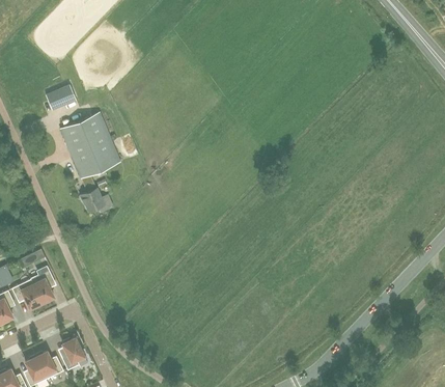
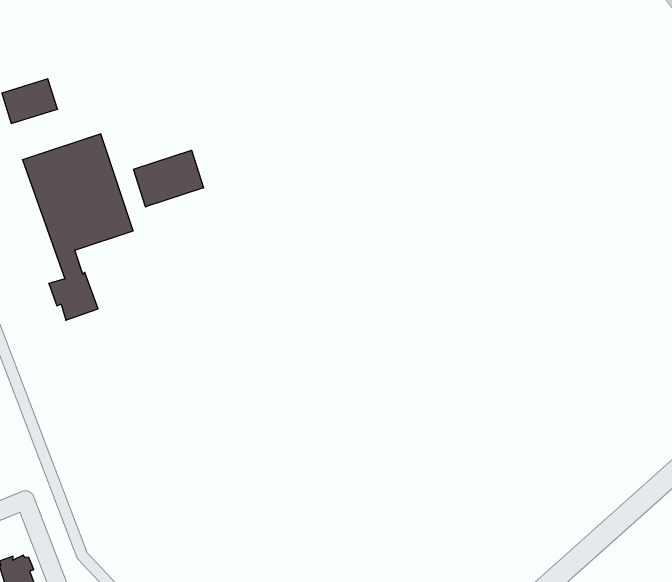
building: none -> [134,150,204,207]

